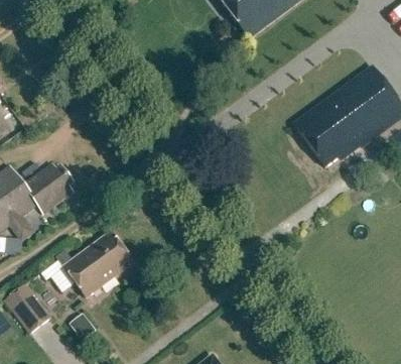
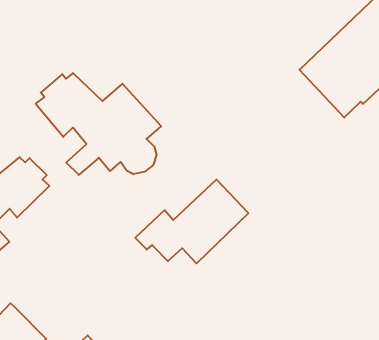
building: none -> [36,73,161,175]
building: [39,230,135,296] -> [135,180,248,263]

